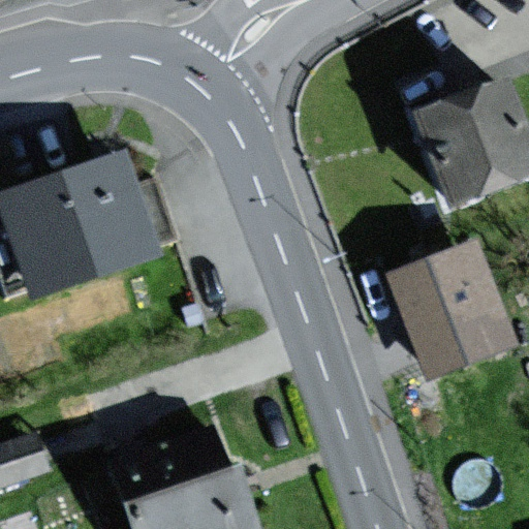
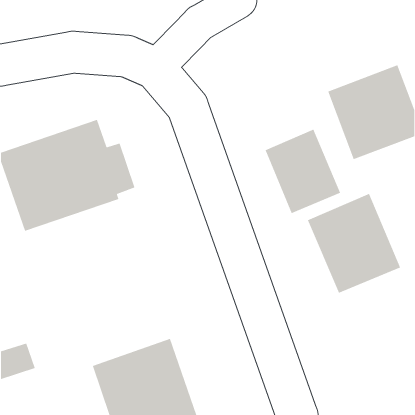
building: none -> [264,129,341,214]

